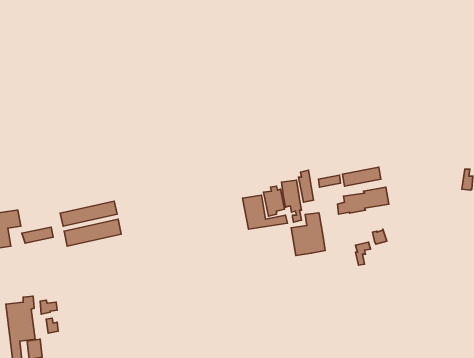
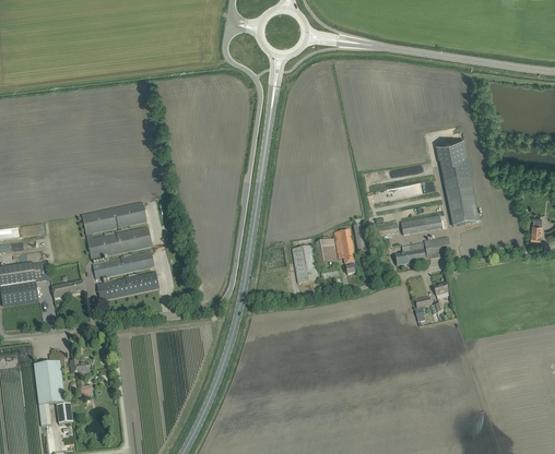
building: none -> [434,139,479,226]
building: none -> [81,202,152,260]
building: [291,213,325,255] -> none

